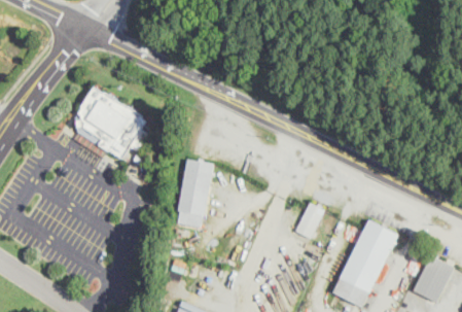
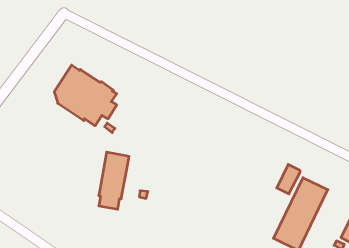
building: [177,160,213,228] -> [99,152,129,209]
building: [295,203,323,238] -> [277,164,300,194]

